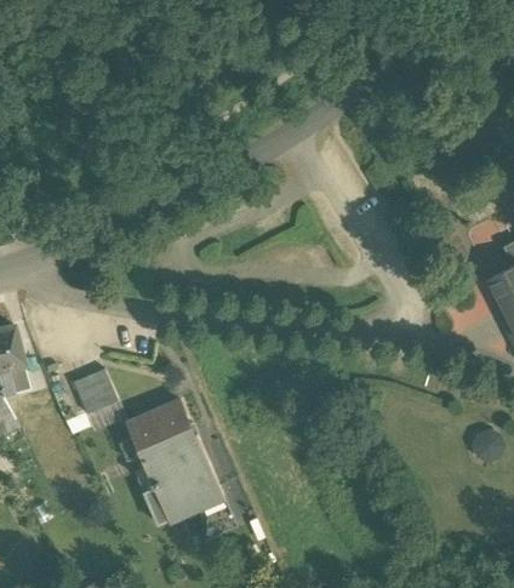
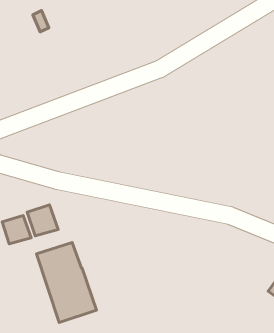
building: none -> [27,205,58,236]

